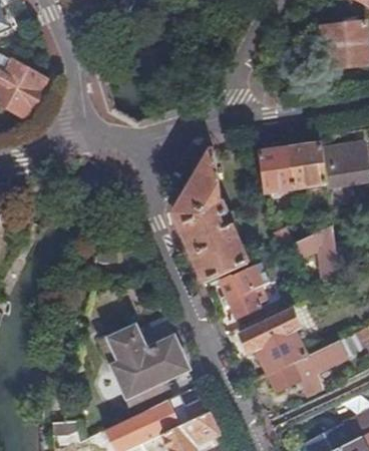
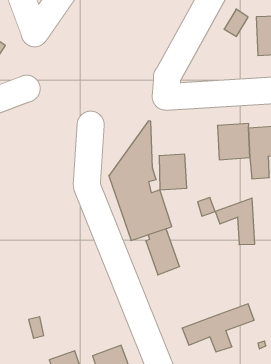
building: [260,149,293,190] -> [159,154,187,190]
building: [240,311,306,374] -> none
building: [99,318,188,404] -> none

